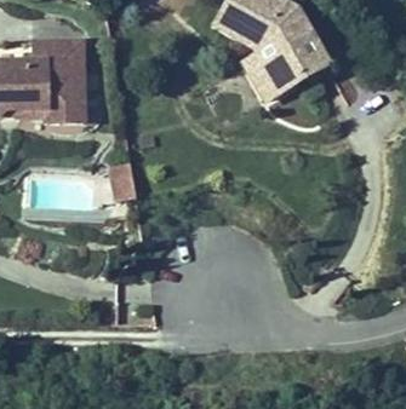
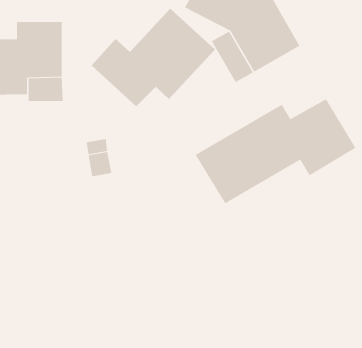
building: none -> [91,8,216,107]
building: none -> [195,98,356,204]

